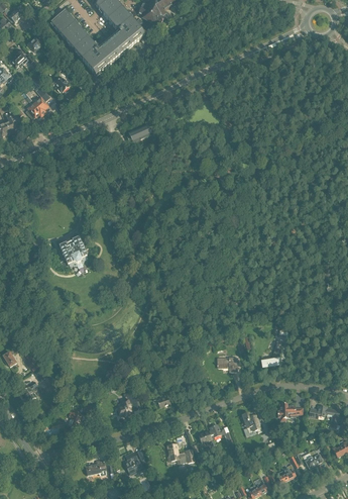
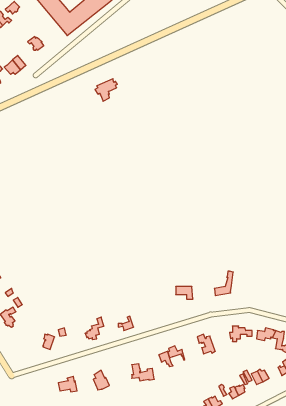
building: [59,235,89,267] -> none

